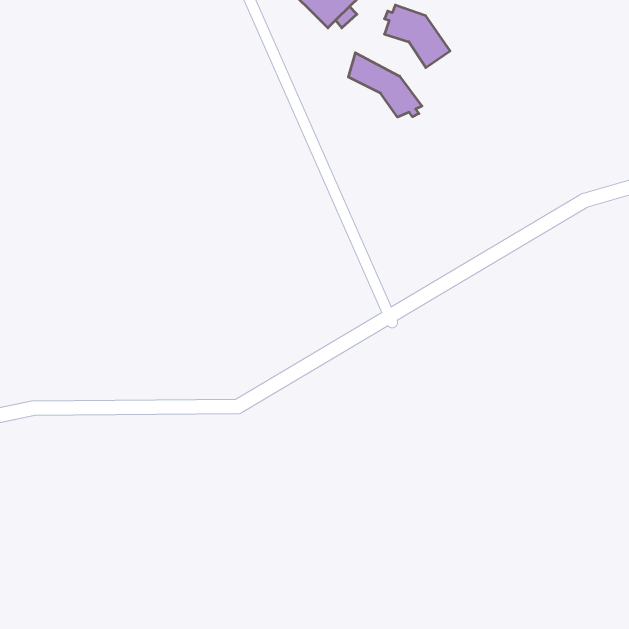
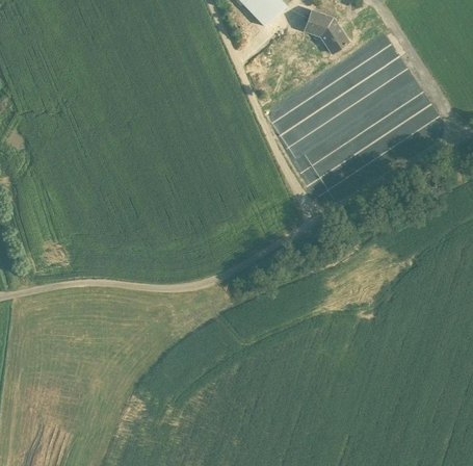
building: [348,53,422,117] -> none

